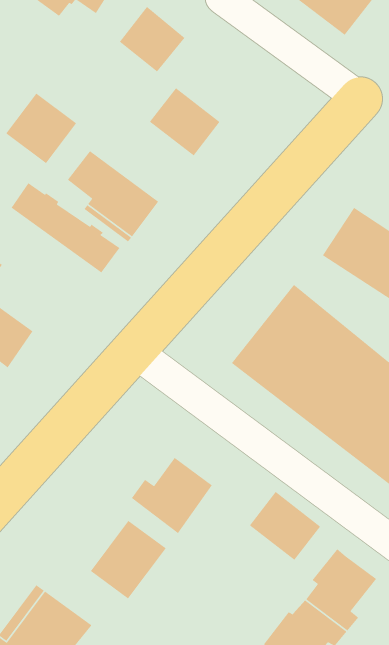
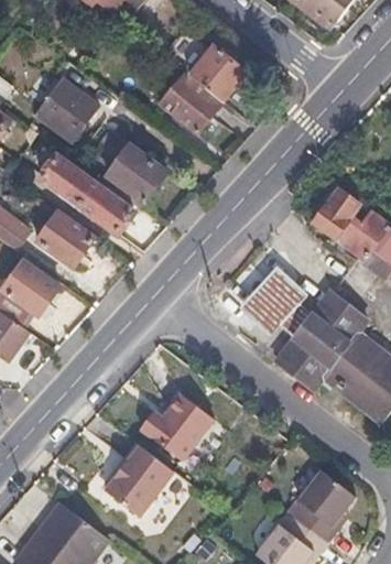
building: [119,6,185,73] -> [187,46,245,104]
building: none -> [34,213,93,270]
building: [249,491,321,561] -> none

